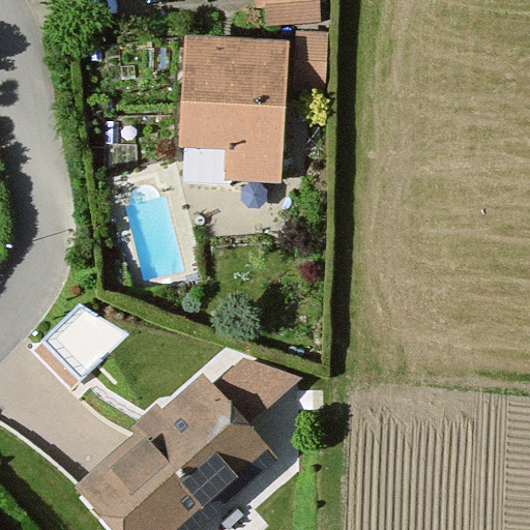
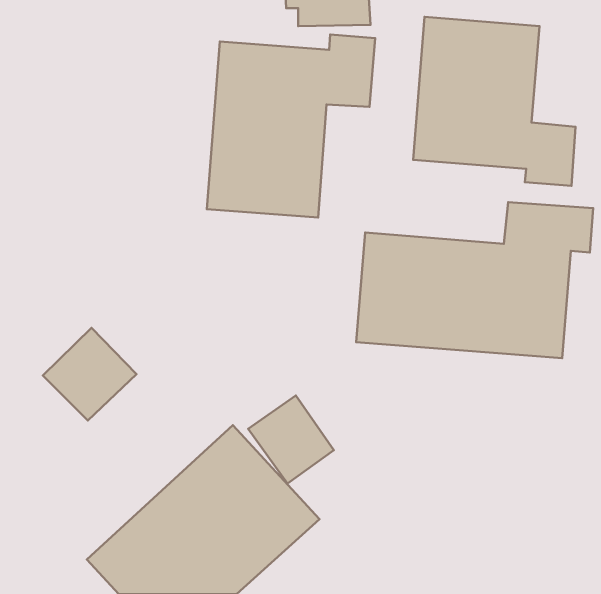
building: none -> [413,17,576,186]
building: none -> [356,202,593,358]

